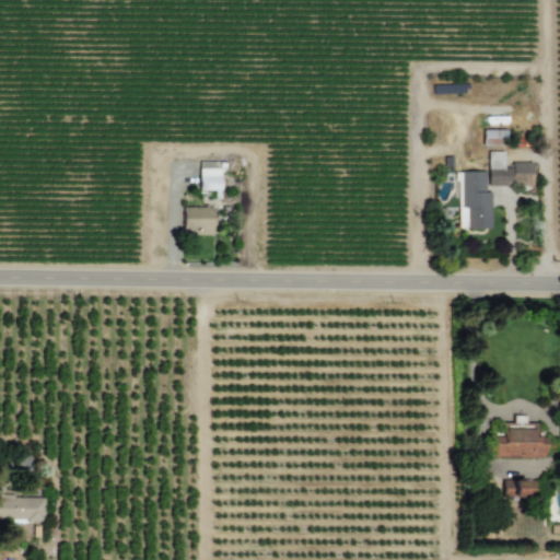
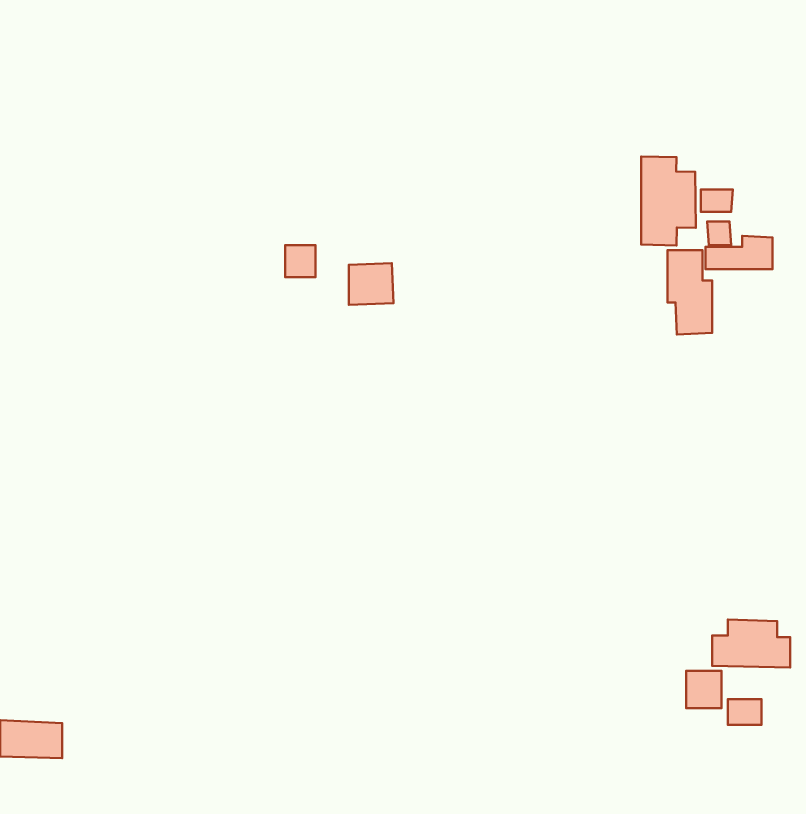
building: none -> [641,157,696,245]
building: [186,207,217,235] -> [349,263,394,305]
building: none -> [686,671,721,708]

